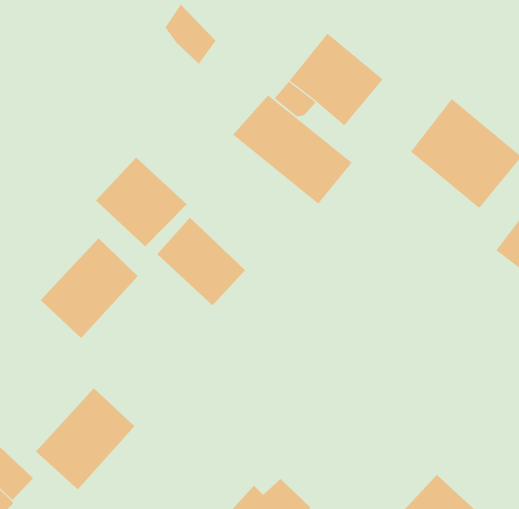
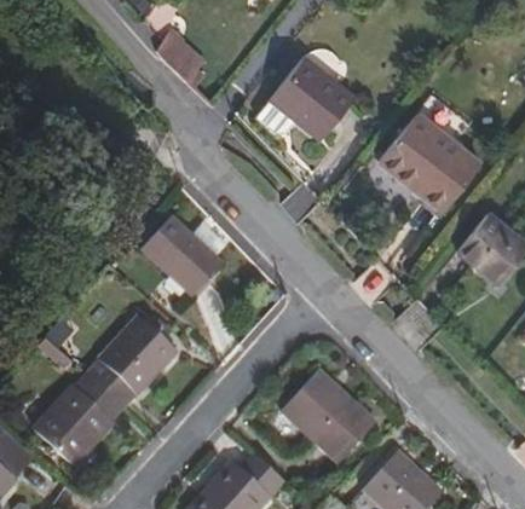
building: [232,94,352,204] -> none
building: [95,157,187,247] -> none
building: [40,238,138,339] -> [90,317,179,409]
building: none -> [279,369,376,463]

